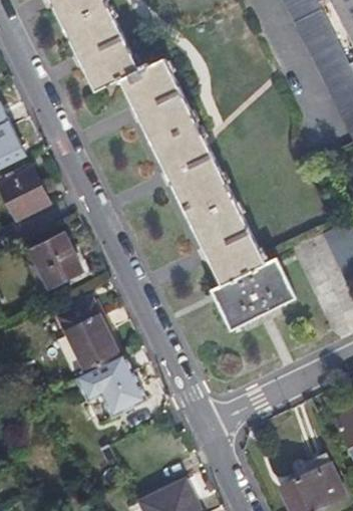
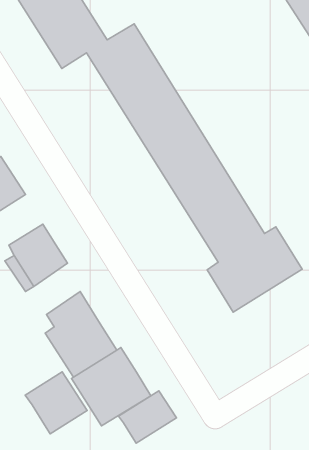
building: none -> [25,372,87,434]
building: none -> [119,391,176,443]

